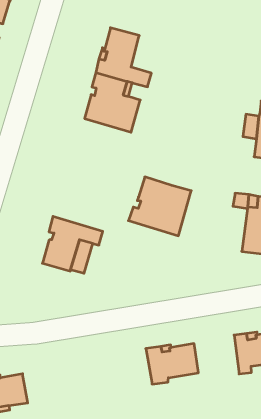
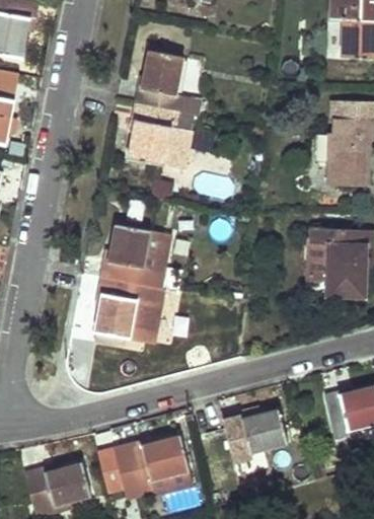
building: [128,177,191,236] -> [100,223,170,288]
building: none -> [114,434,190,498]

